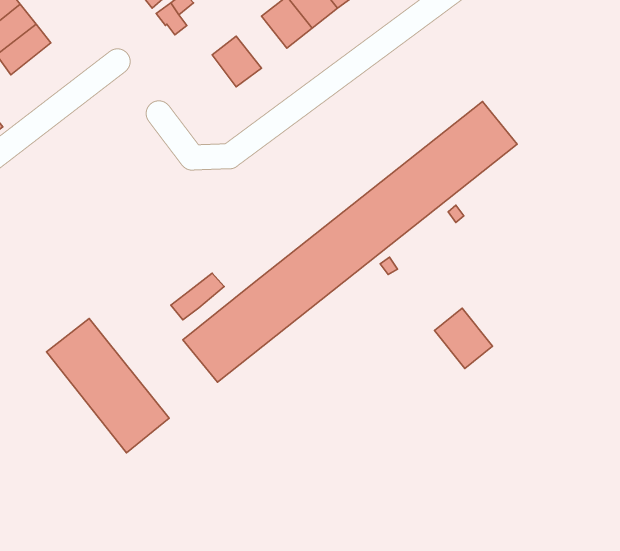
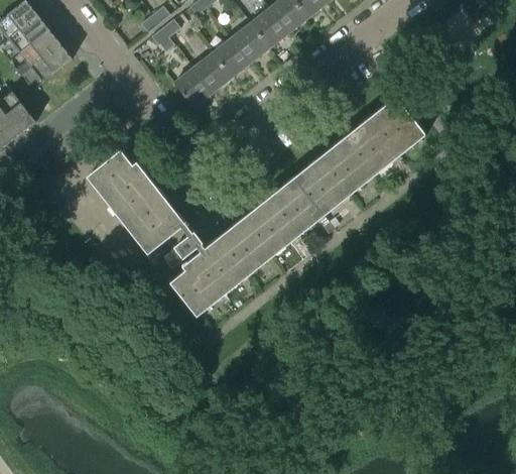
building: none -> [211,37,249,77]
building: none -> [172,67,211,107]
building: [434,308,492,368] -> none
building: [47,318,169,453] -> [87,151,179,253]

